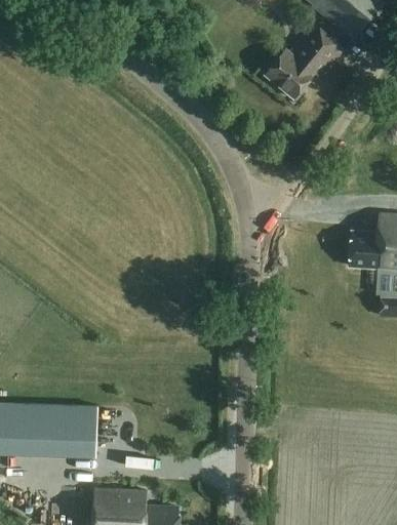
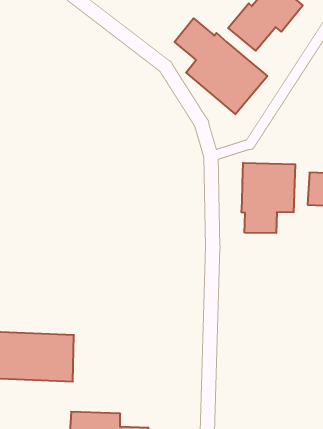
building: none -> [175,18,267,114]
building: none -> [241,163,295,233]

